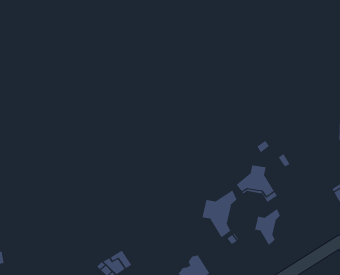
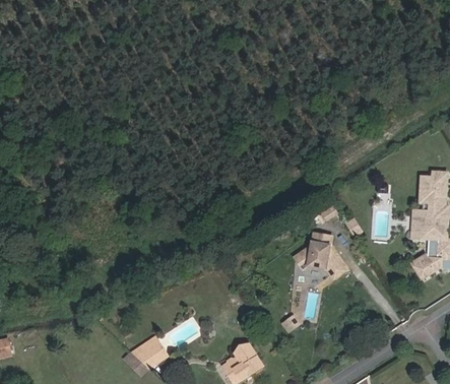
building: [202,189,237,238] -> none
building: [254,208,281,246] -> none

